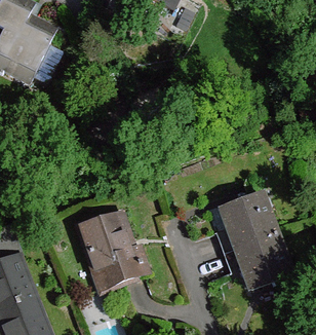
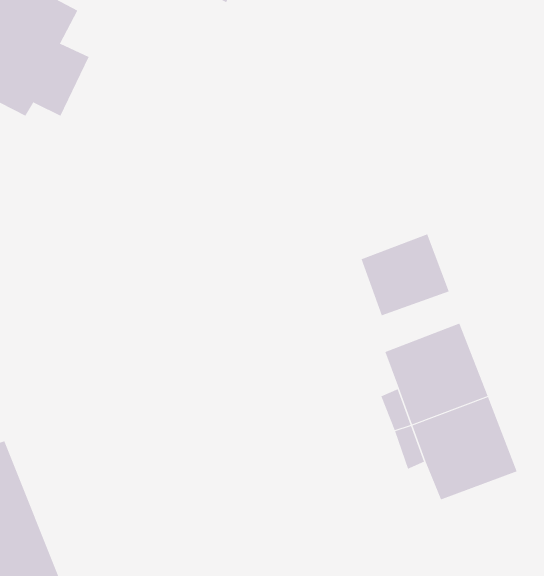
building: none -> [361,233,449,316]
building: [80,211,146,287] -> none

